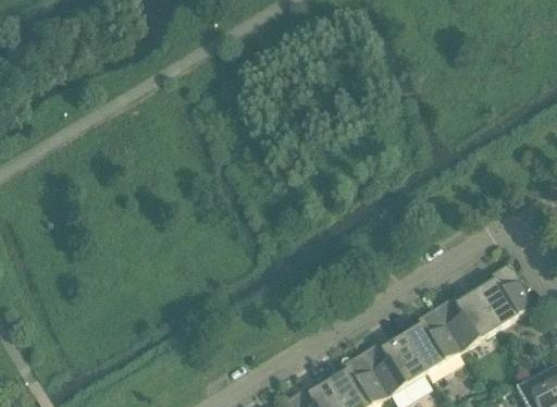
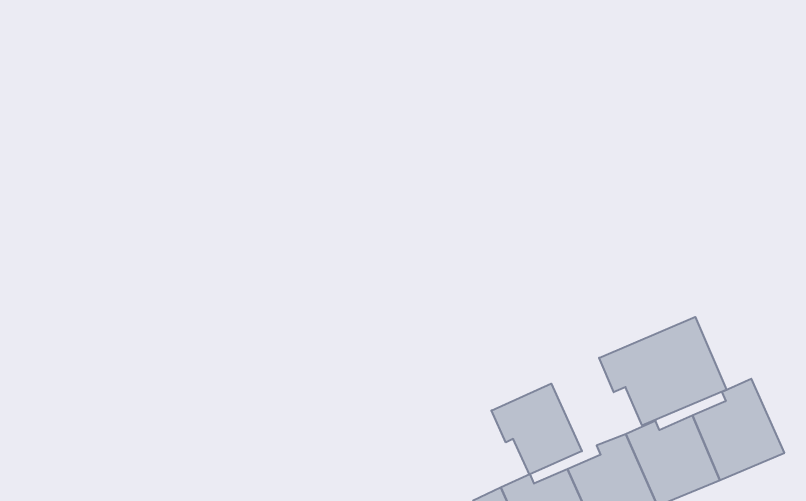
building: none -> [599,317,727,425]
building: none -> [491,384,582,475]

